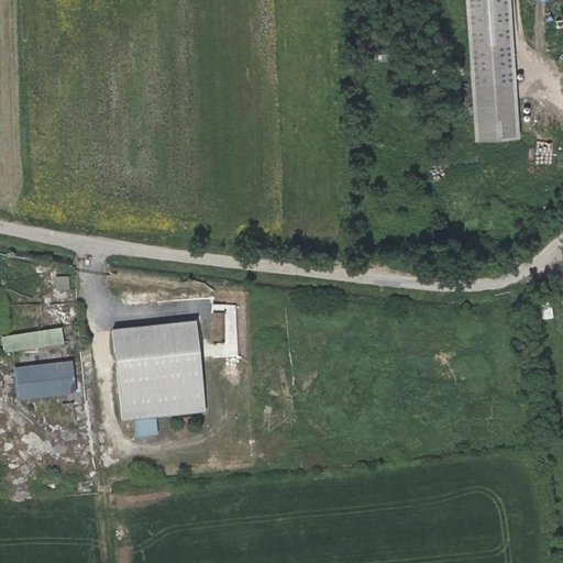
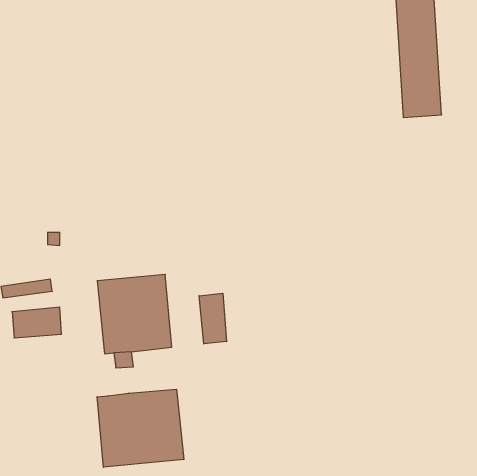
building: none -> [199,293,227,344]
building: none -> [97,389,184,467]

